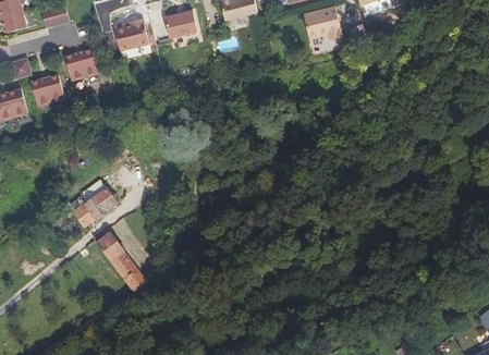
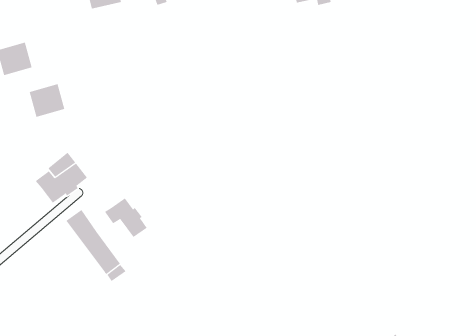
building: [65,50,99,82] -> [29,84,65,117]
building: none -> [104,198,147,238]

